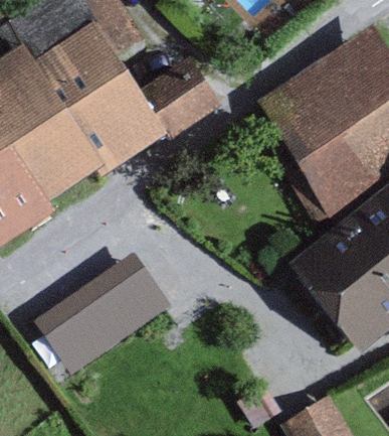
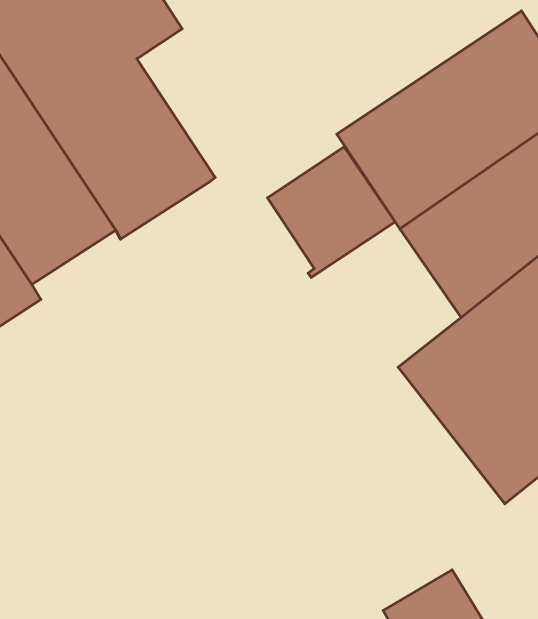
building: [138,51,223,139] -> [268,147,395,278]
building: [47,250,173,365] -> none

